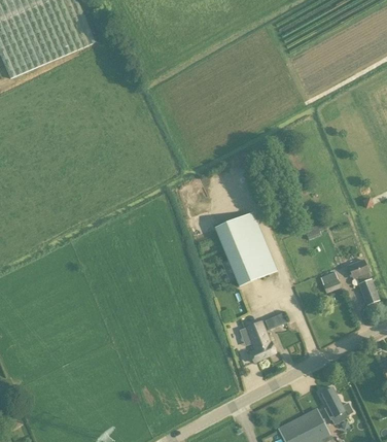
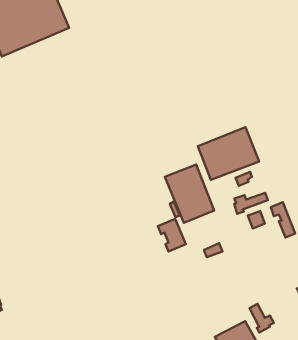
building: none -> [198,127,259,180]
building: none -> [234,193,268,214]
building: [239,320,274,362] -> [158,219,186,251]

